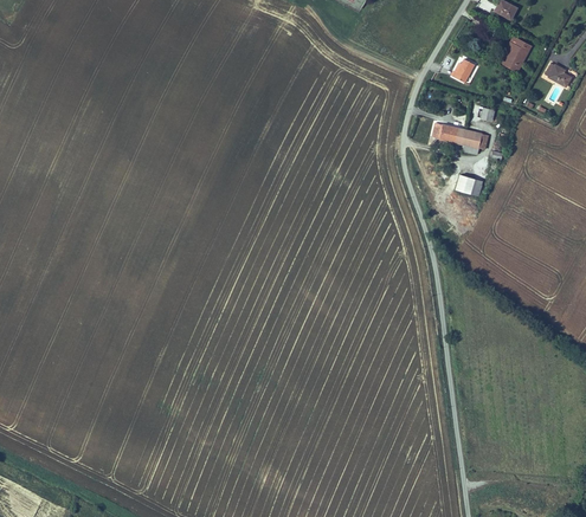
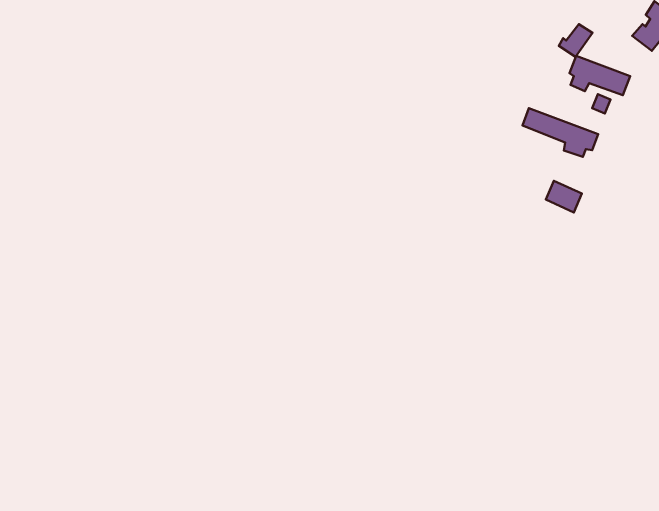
building: none -> [570,56,630,95]

